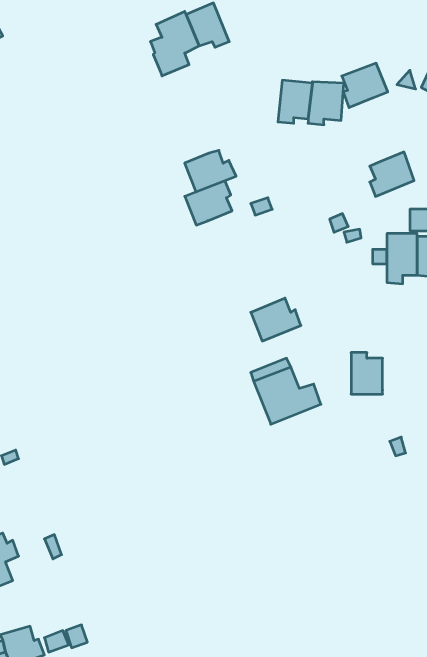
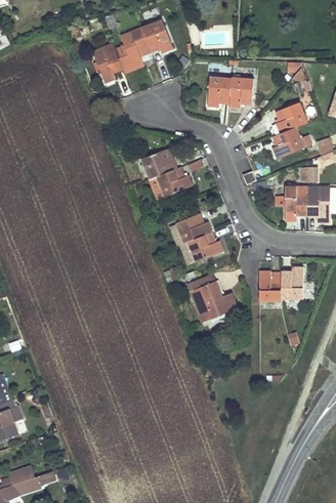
building: none -> [92,43,123,83]
building: [342,63,388,108] -> [275,102,307,134]
building: [185,150,236,192] -> [157,167,194,197]
building: none -> [176,213,212,243]
building: none -> [282,266,303,297]

